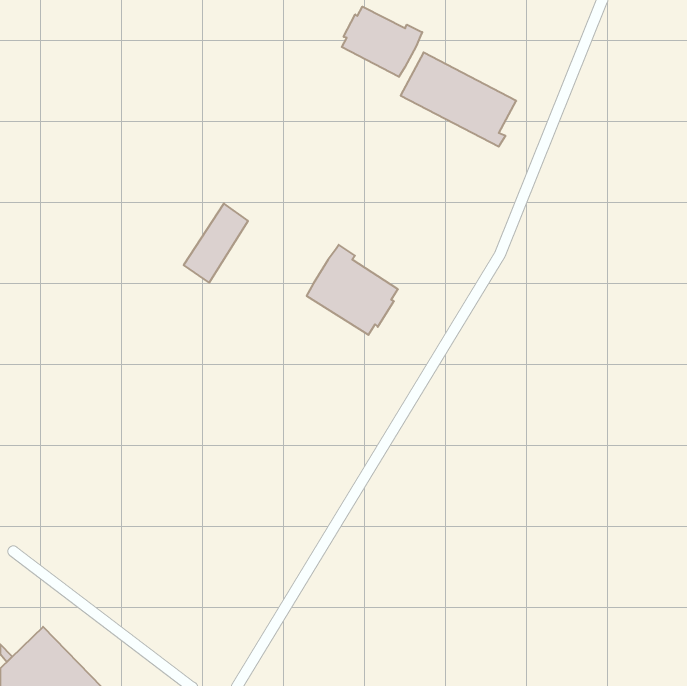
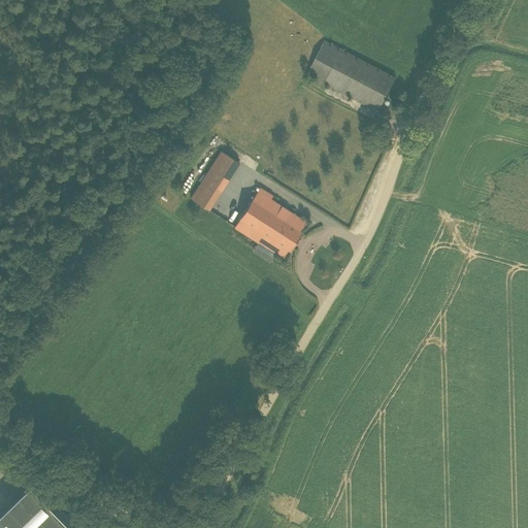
building: [342,7,422,77] -> none
building: [184,203,248,283] -> [190,152,239,212]

